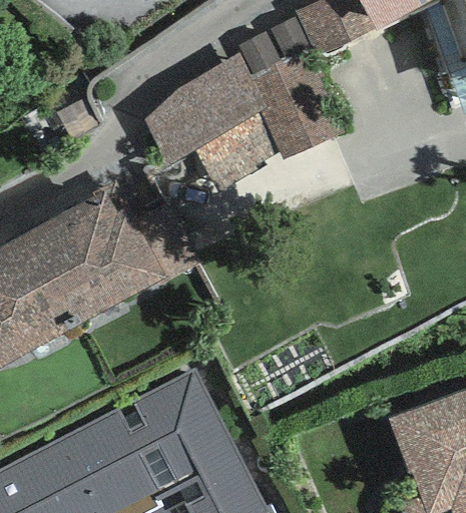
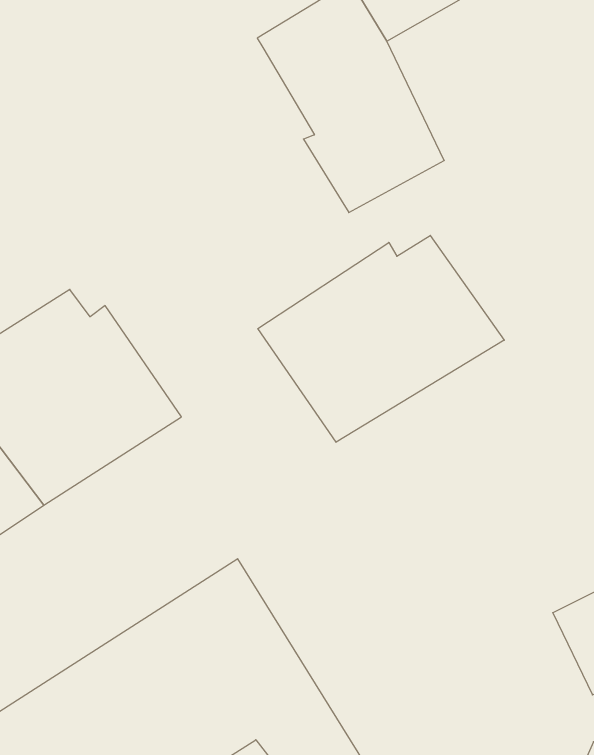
building: [141,53,278,191] -> none
building: none -> [258,235,504,442]

